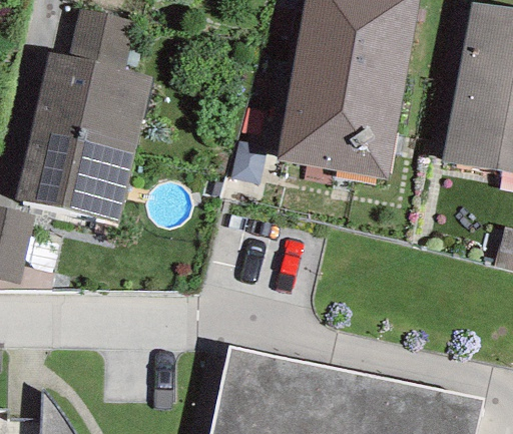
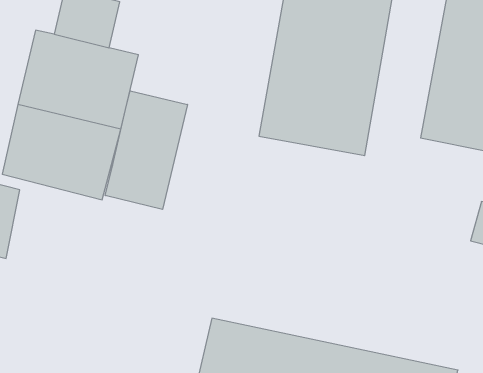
building: none -> [105,91,187,209]

